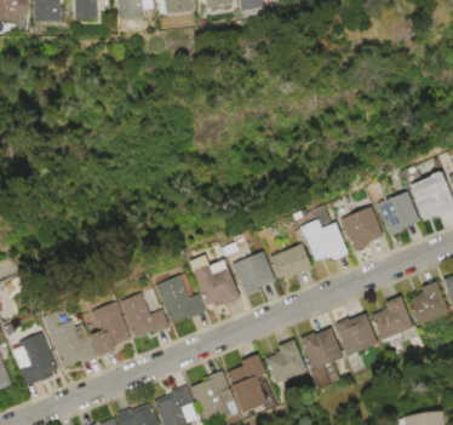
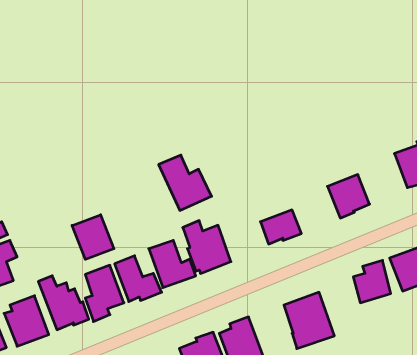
building: [377,190,423,235] -> none
building: [302,218,351,262] -> none
building: [224,237,279,294] -> [159,155,212,210]
building: none -> [72,215,114,259]
building: [333,312,380,358] -> none
building: [260,339,303,386] -> none

